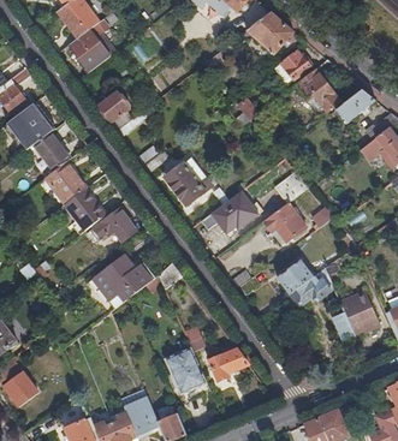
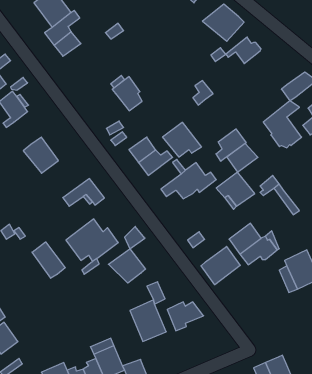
building: [296,60,339,113] -> [263,101,302,148]
building: [97,91,131,130] -> [112,77,142,111]
building: [34,133,69,171] -> none
building: none -> [163,122,201,157]
building: none -> [216,129,246,161]
building: [65,189,105,231] -> none
building: none -> [32,242,65,278]
building: none -> [201,246,240,285]
building: none -> [108,249,146,283]

